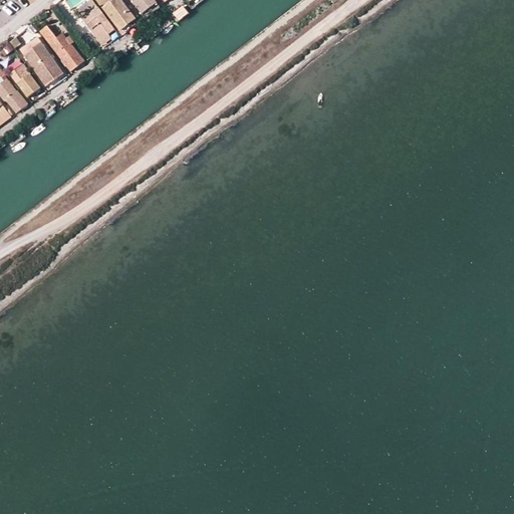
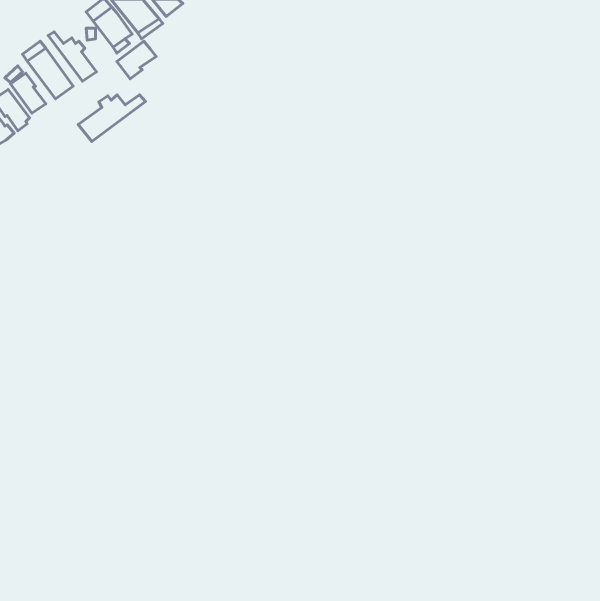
building: none -> [117,41,156,79]
building: none -> [78,95,146,141]

